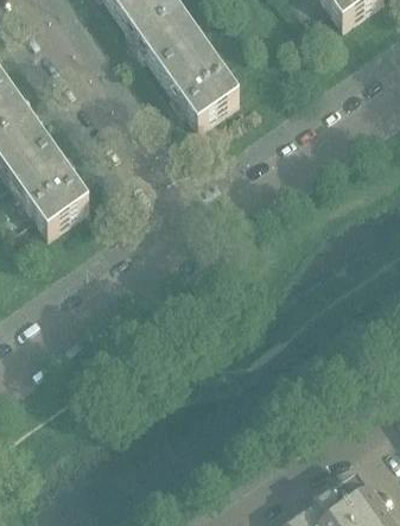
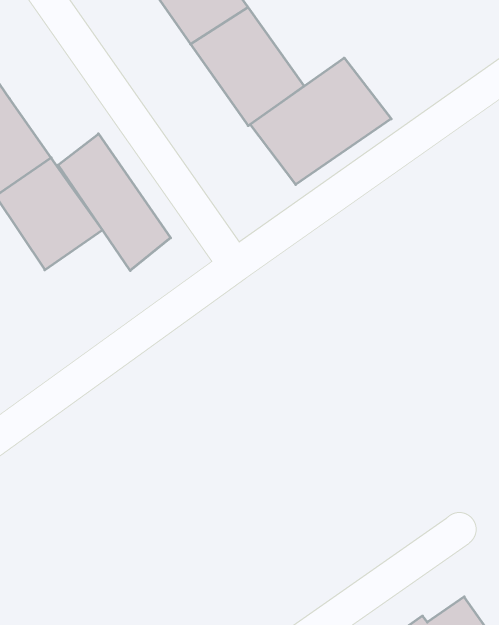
building: none -> [250,58,391,185]
building: none -> [58,134,171,271]

